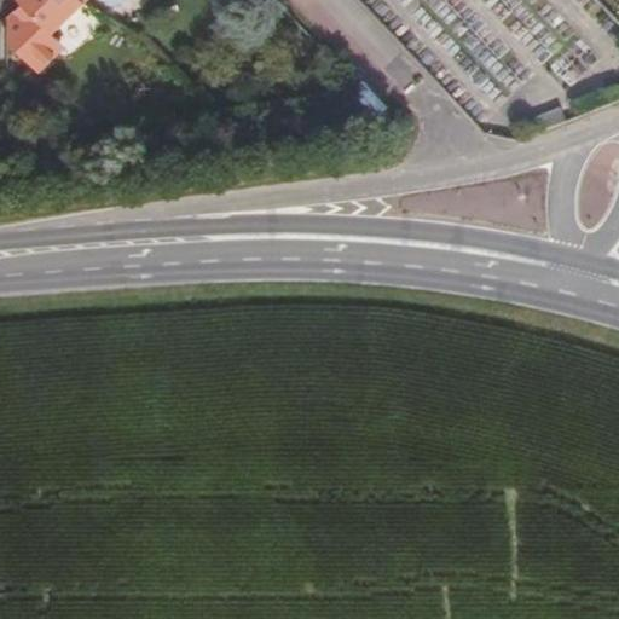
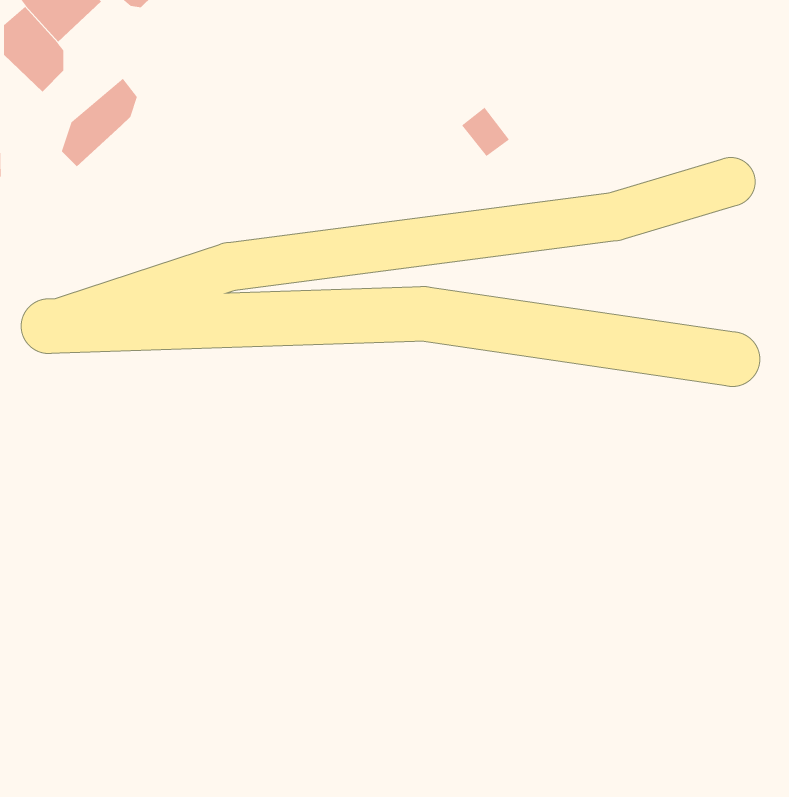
building: none -> [61,78,138,167]

